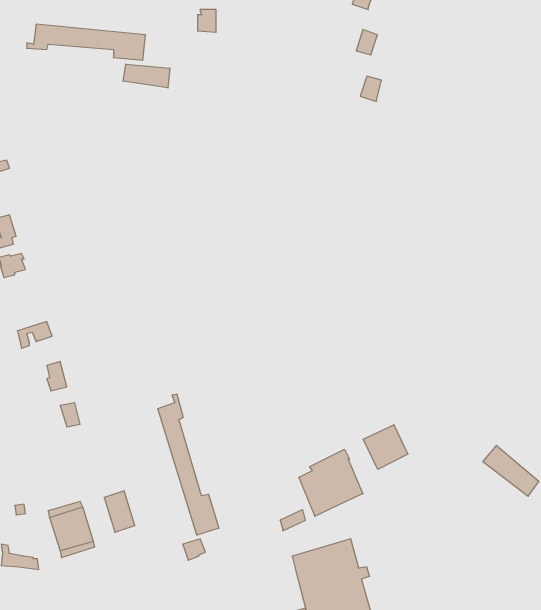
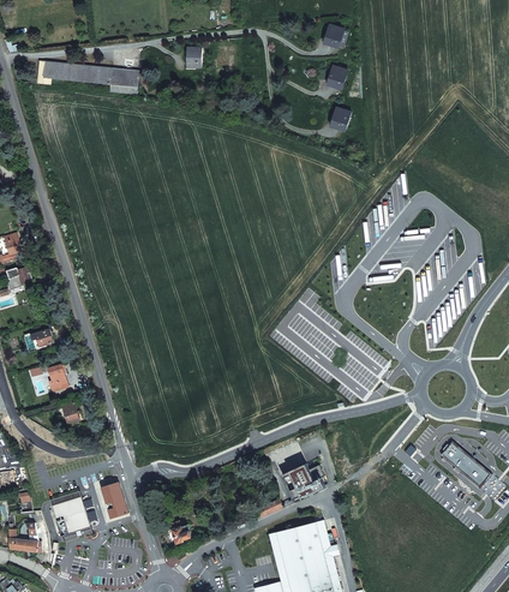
building: [123,64,170,88] -> none
building: [158,394,219,535] -> none
building: [363,425,408,469] -> none

